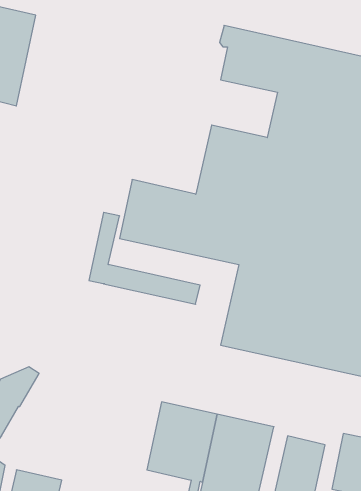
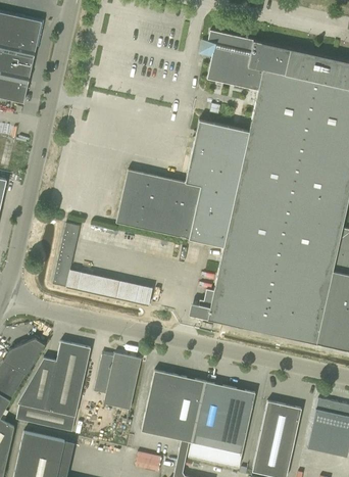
building: [89,212,200,304] -> [52,224,152,306]
building: none -> [15,342,90,432]
building: none -> [93,353,141,411]

